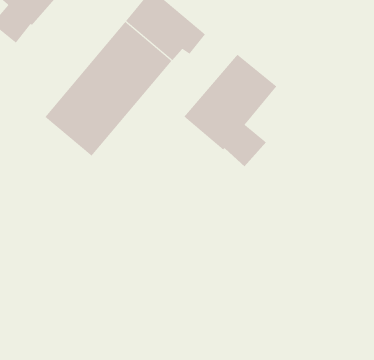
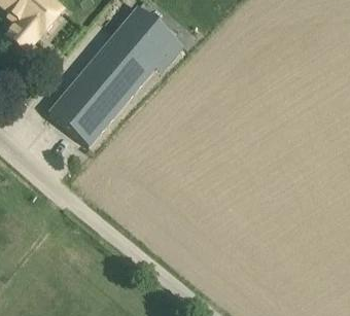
building: [183,54,277,167] -> none

